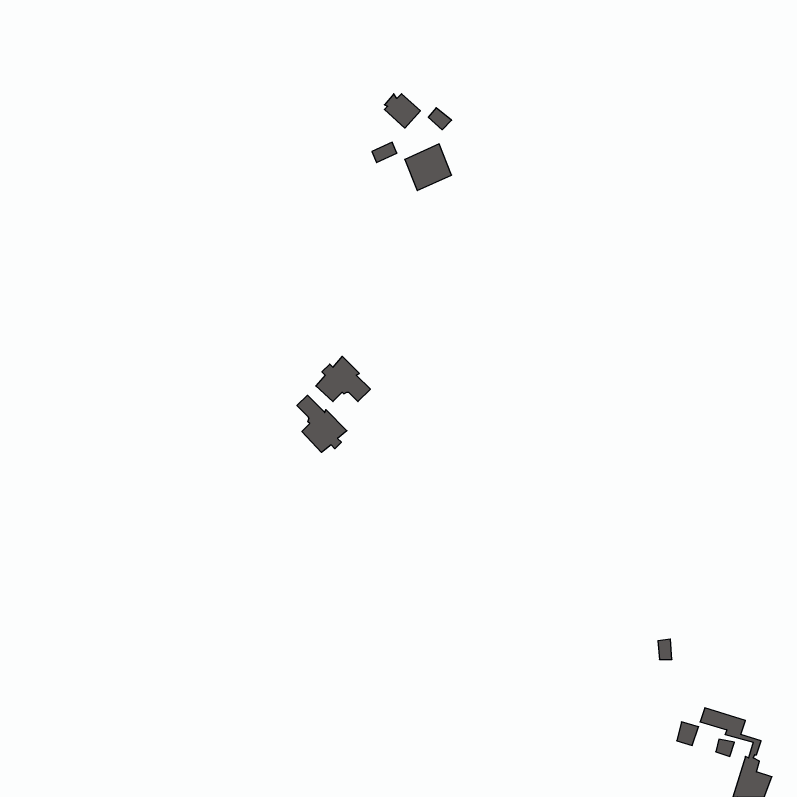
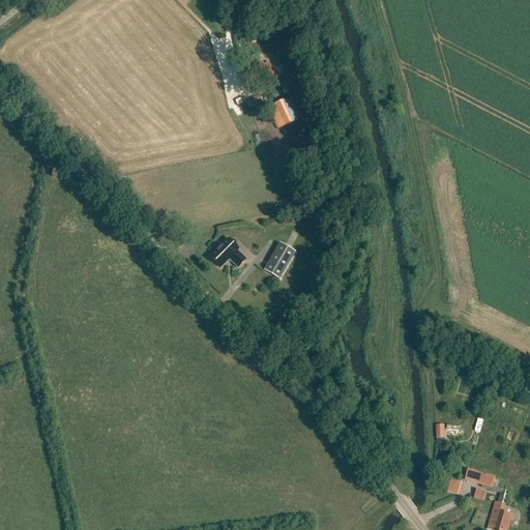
building: none -> [263,241,296,278]
building: [297,395,347,452] -> none

